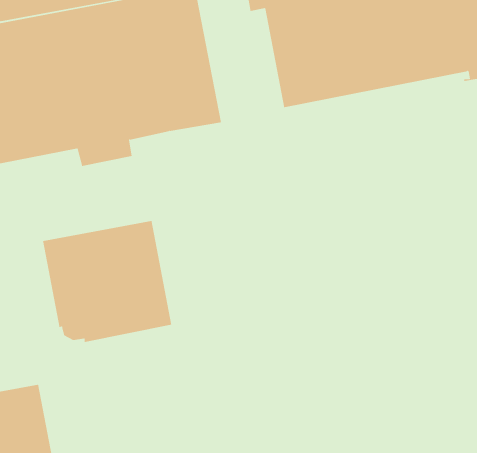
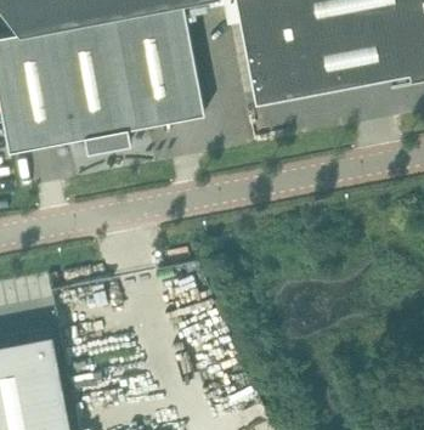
building: [42,220,172,343] -> none

